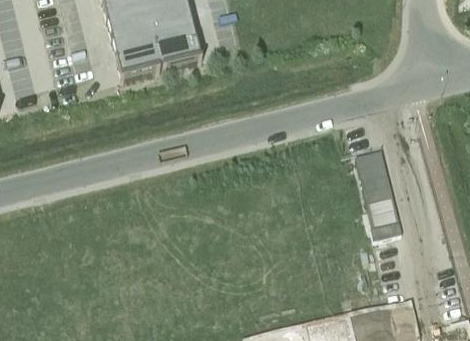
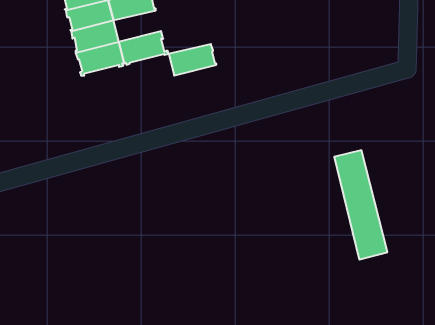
building: [151,15,195,44] -> [169,44,216,76]

